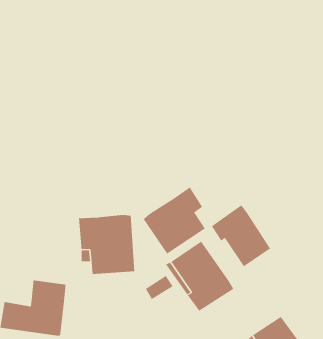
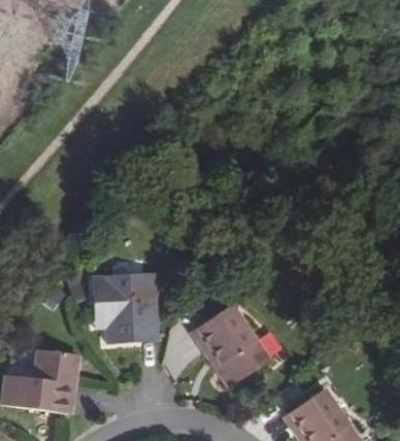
building: [143,187,205,255] -> none
building: [211,205,271,267] -> none

